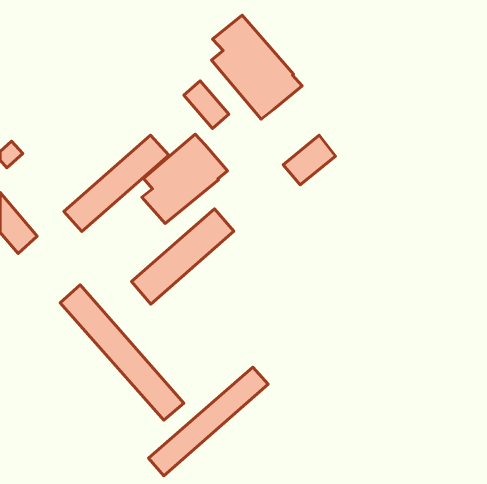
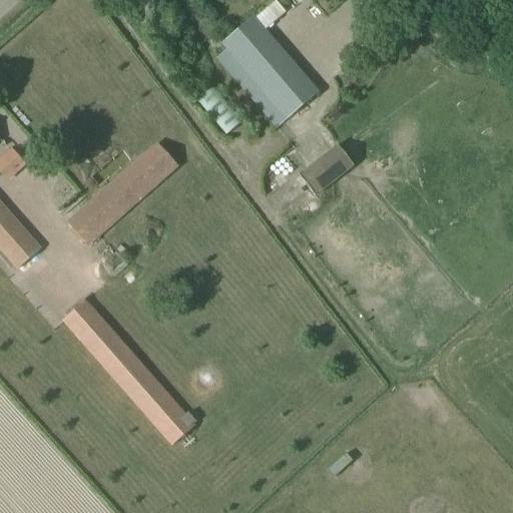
building: [142,134,228,224] -> none
building: [132,209,234,304] -> none
building: [149,367,268,476] -> none

